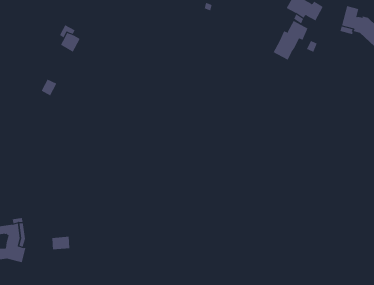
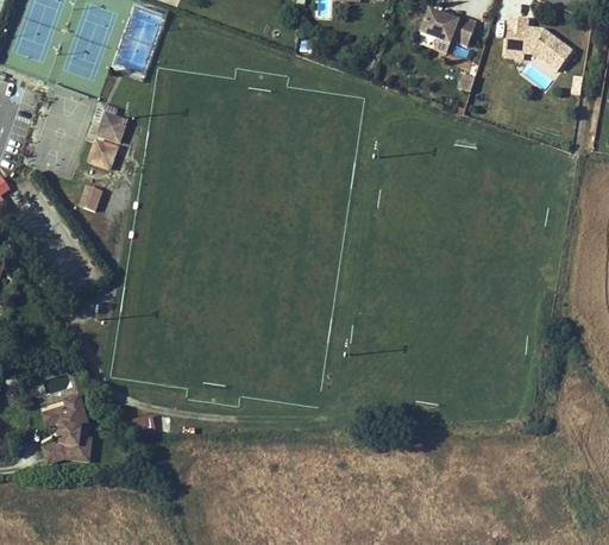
building: [273,20,308,61] -> none
building: none -> [88,139,117,168]

